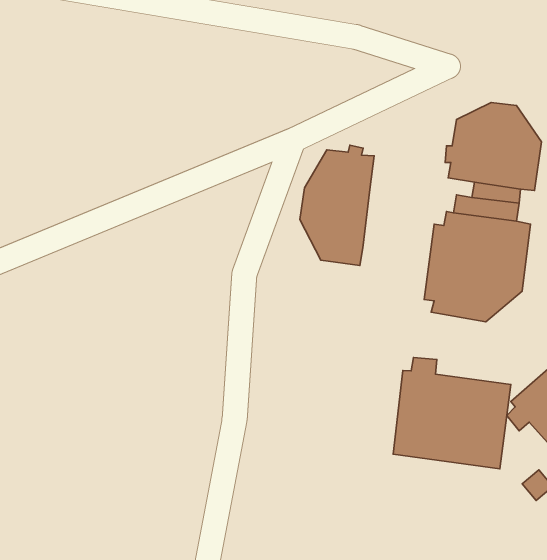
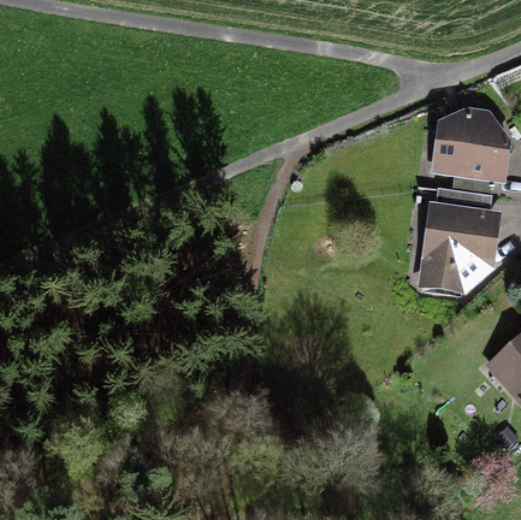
building: [300,145,374,265] -> none
building: [393,358,511,469] -> none

